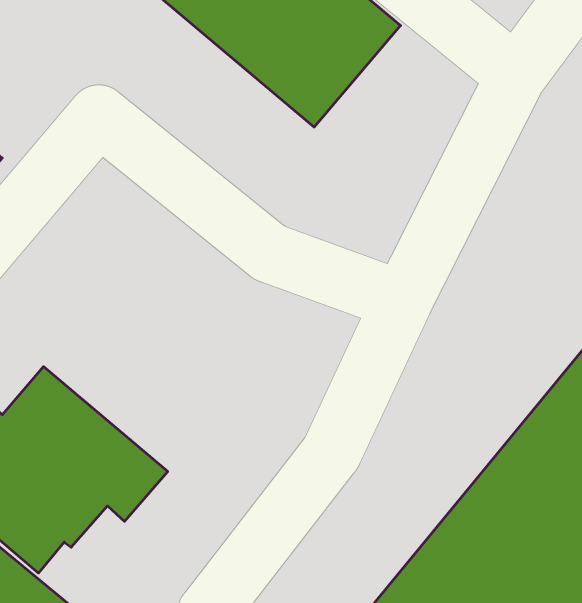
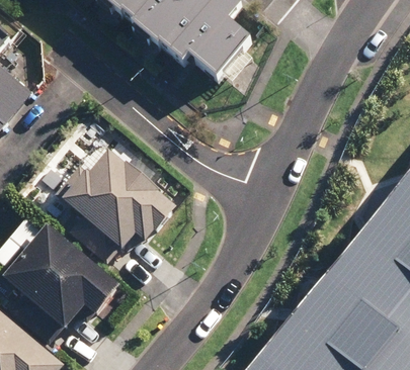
building: none -> [55,151,181,266]

